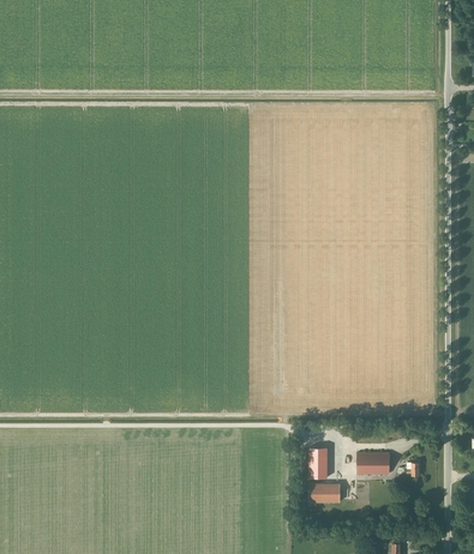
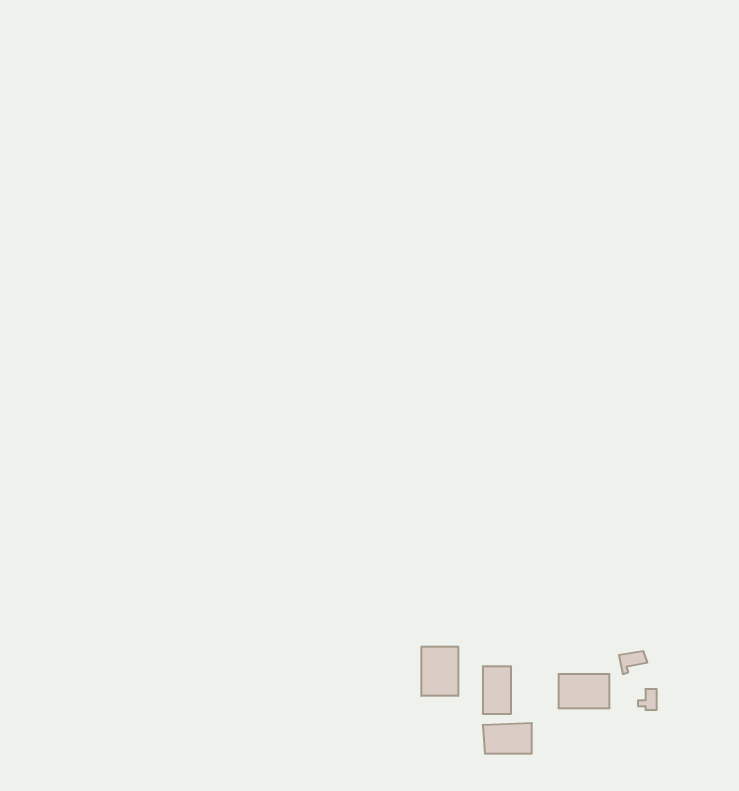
building: none -> [421,647,458,696]

